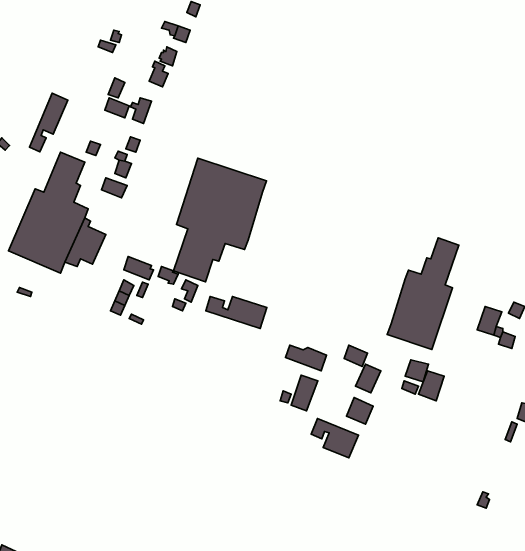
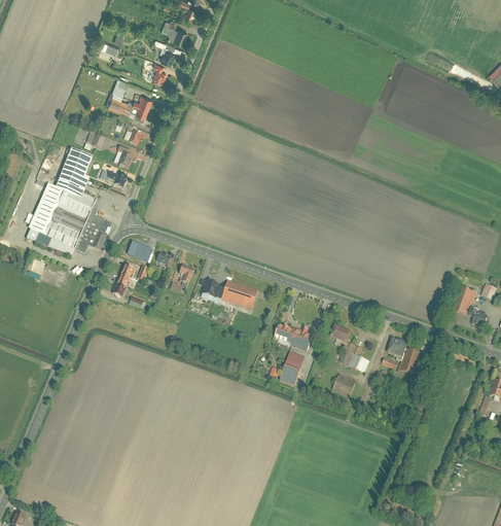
building: [29,93,68,152] -> none
building: [174,158,267,282] -> none
building: [387,238,459,350] -> none
building: [311,419,358,458] -> none

